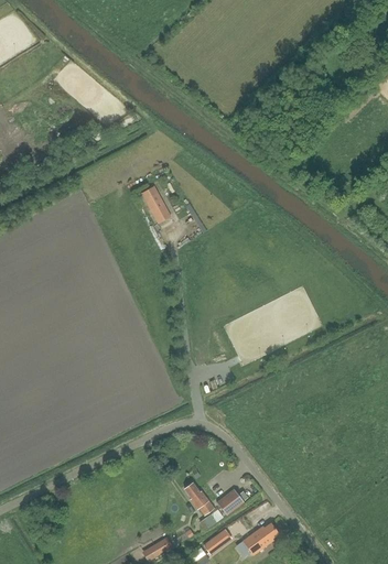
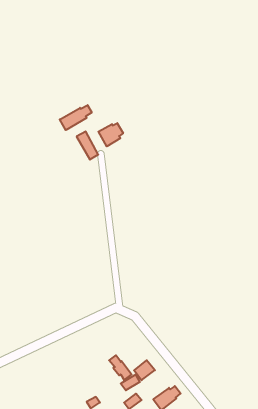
building: none -> [60,105,92,130]
building: none -> [98,123,123,146]

